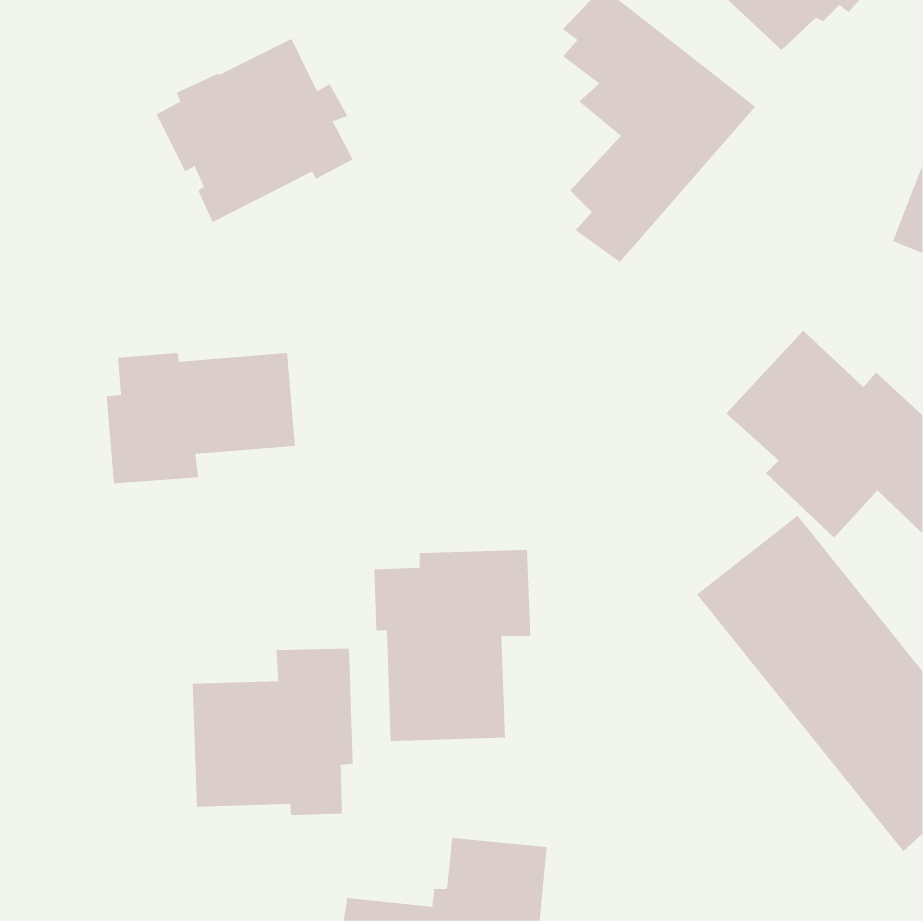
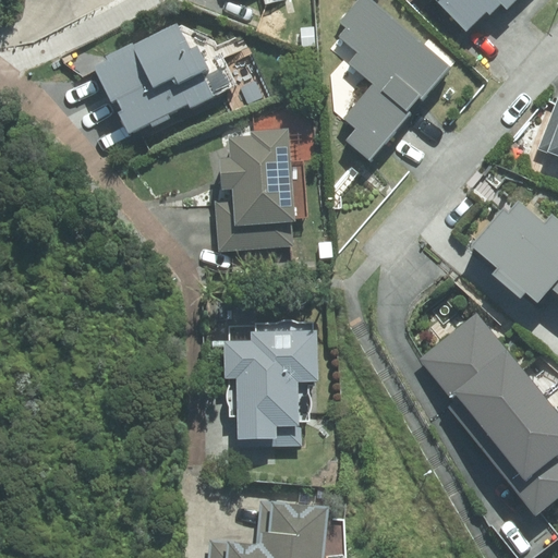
building: none -> [215,129,298,251]
building: [106,352,295,484] -> none
building: [192,648,353,816] -> none

